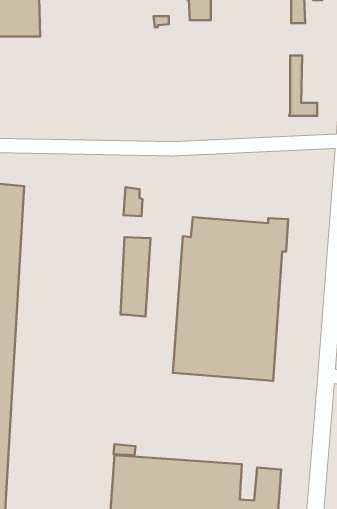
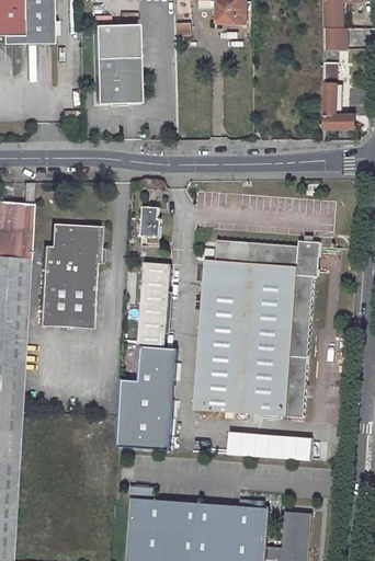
building: none -> [90,24,137,103]
building: none -> [322,27,345,49]
building: none -> [39,222,99,329]
building: none -> [116,345,177,450]
building: none -> [228,432,311,460]

